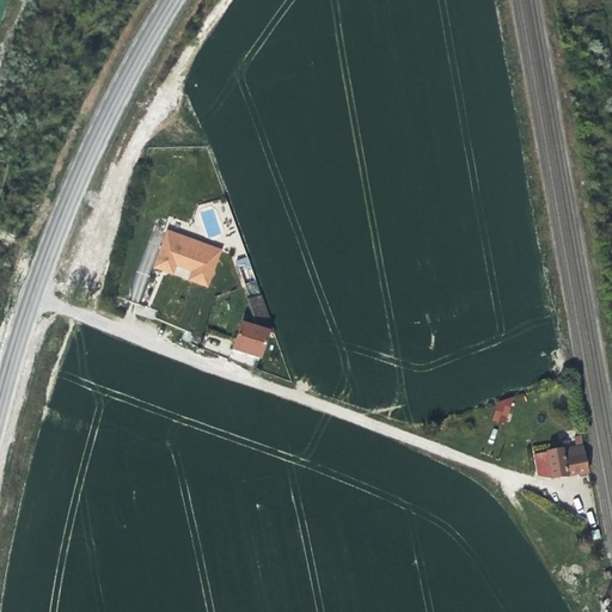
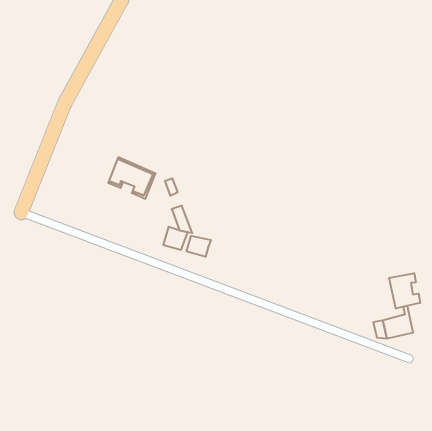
building: none -> [187,236,211,257]
building: none -> [389,273,420,309]

